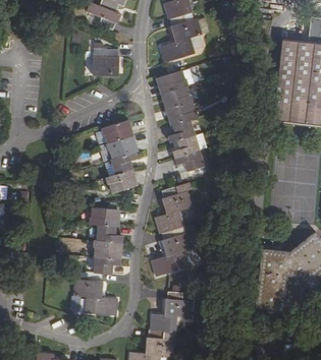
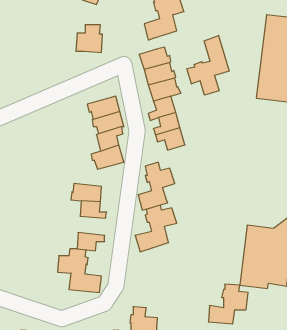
building: none -> [187,35,229,95]
building: [92,239,121,258] -> none
building: [150,292,190,332] -> [208,284,248,324]

